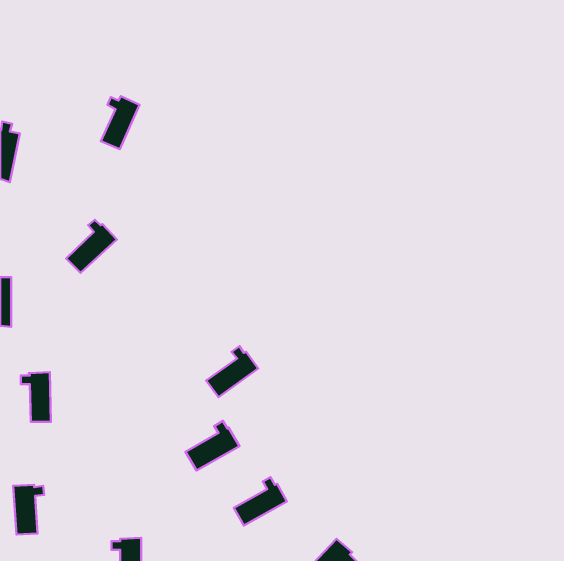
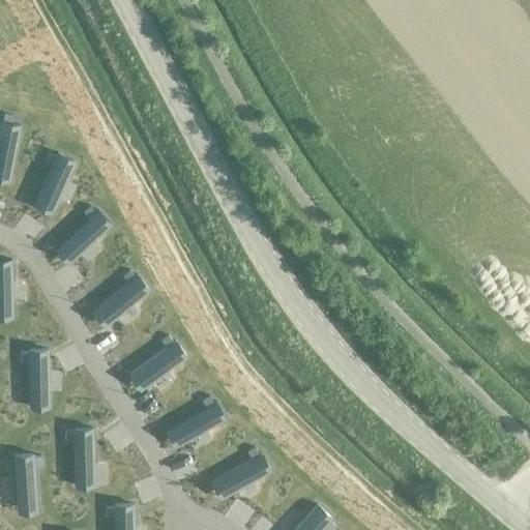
building: [101,96,140,149] -> [37,155,73,205]
building: none -> [100,272,148,322]
building: [206,346,258,397] -> [137,338,185,386]
building: none -> [64,432,93,478]

